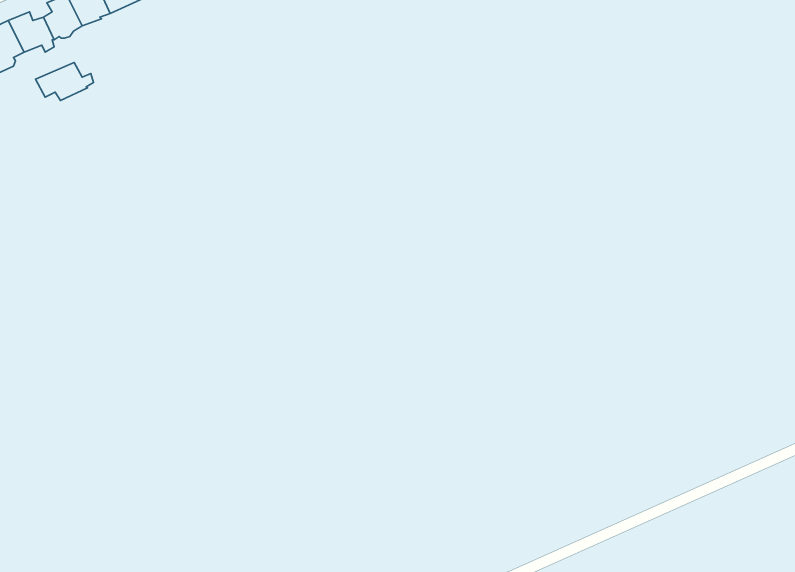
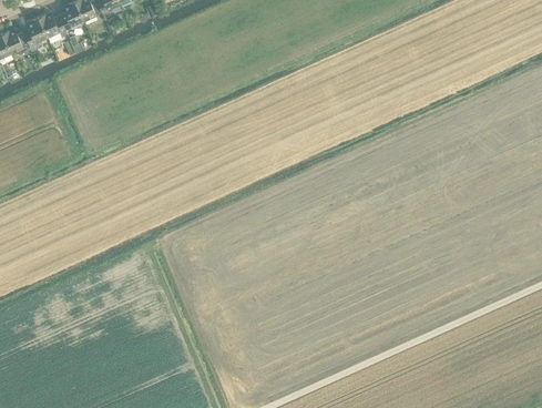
building: [36,62,93,100] -> none

